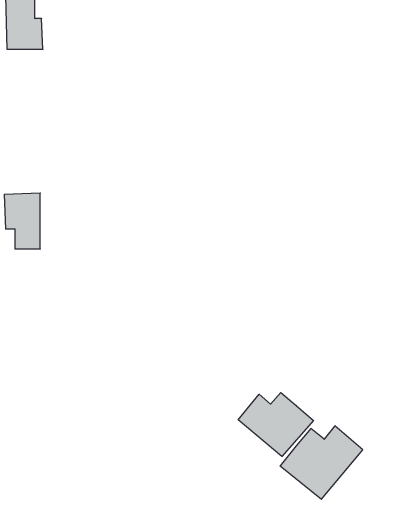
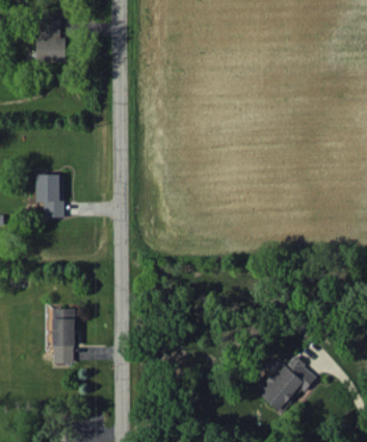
building: none -> [52,308,74,363]
building: [238,393,313,456] -> none

